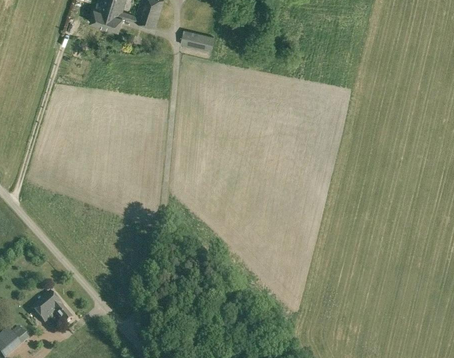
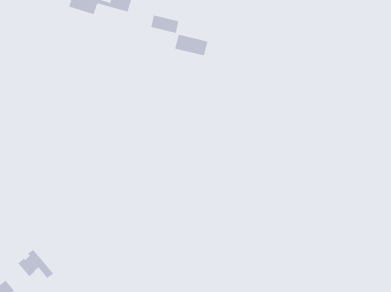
building: none -> [174,34,208,56]

